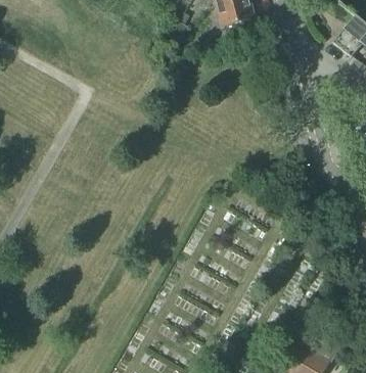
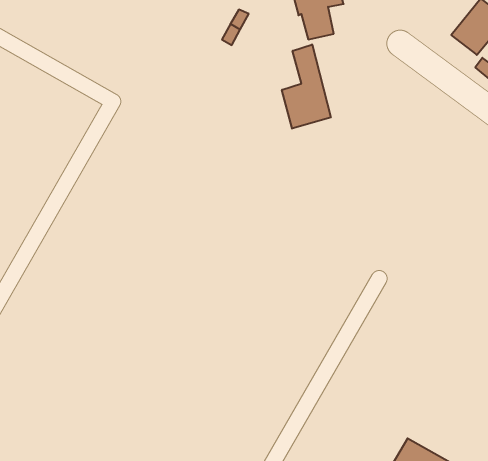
building: none -> [282,44,331,129]

